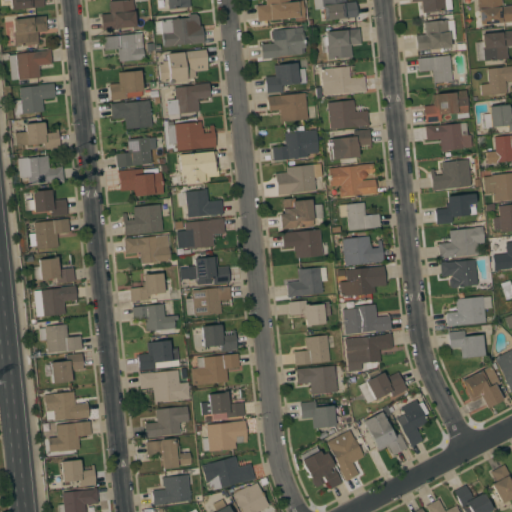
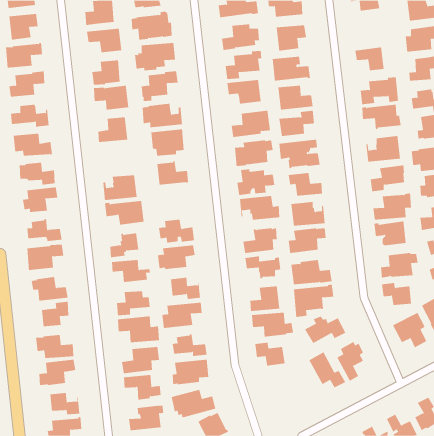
building: [417,20,455,51] -> none
building: [119,168,164,196] -> none
building: [177,218,226,249] -> none
building: [328,430,365,481] -> none
building: [301,448,343,489] -> none

